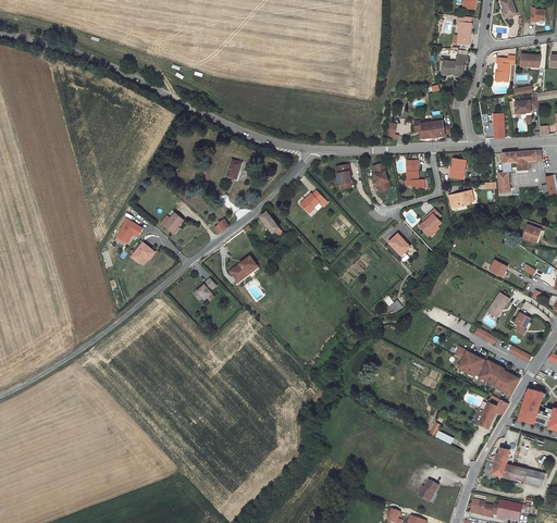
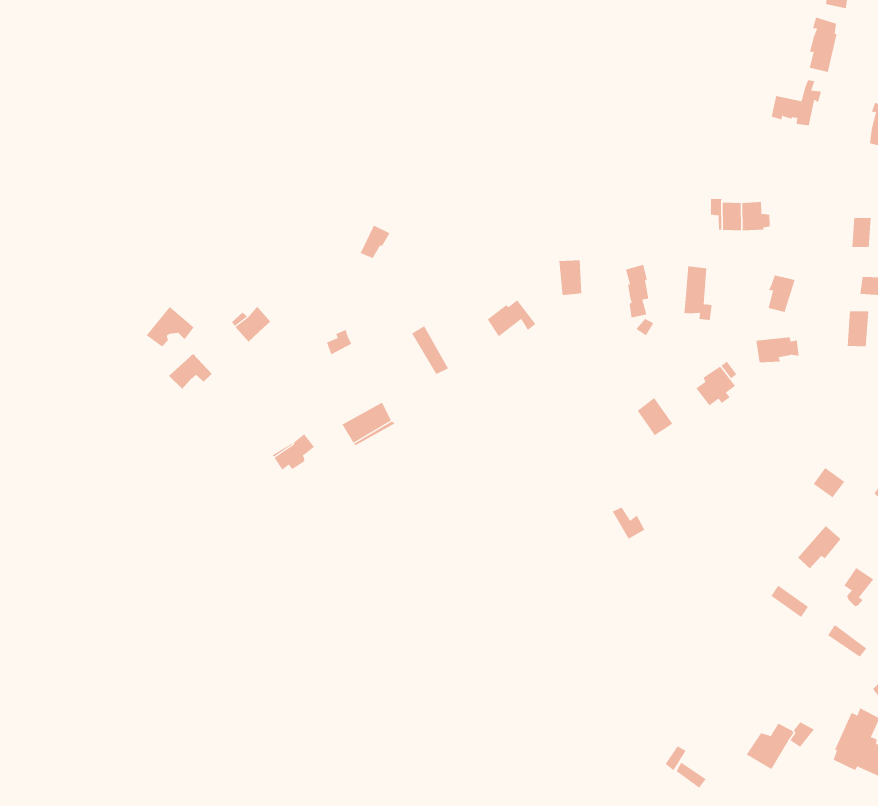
building: [457,350,519,395] -> none

